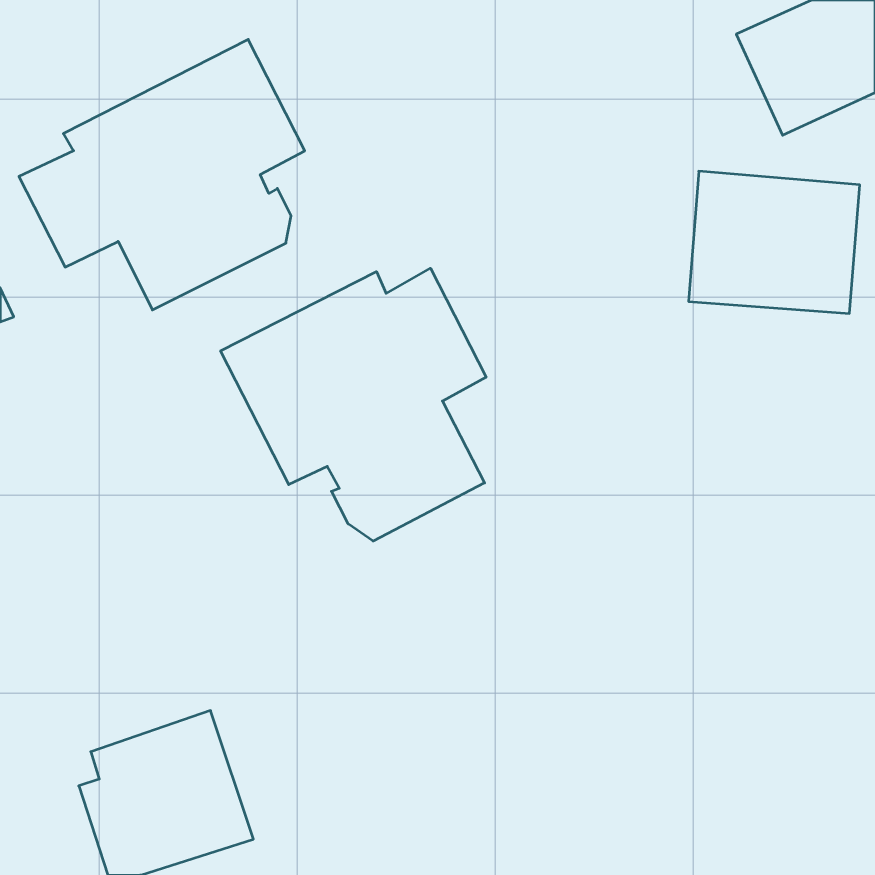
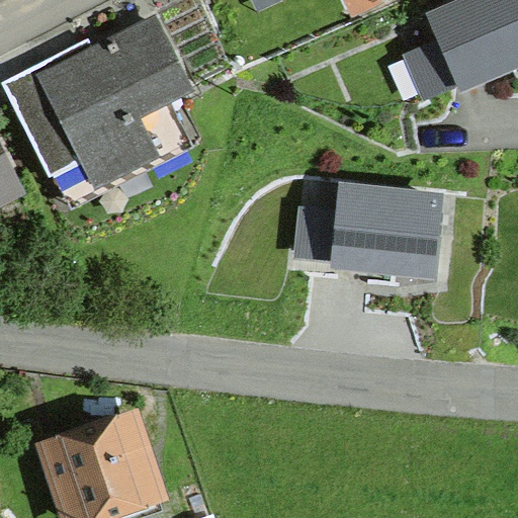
building: [689,171,860,313] -> [339,188,440,272]
building: [221,268,486,541] -> none

